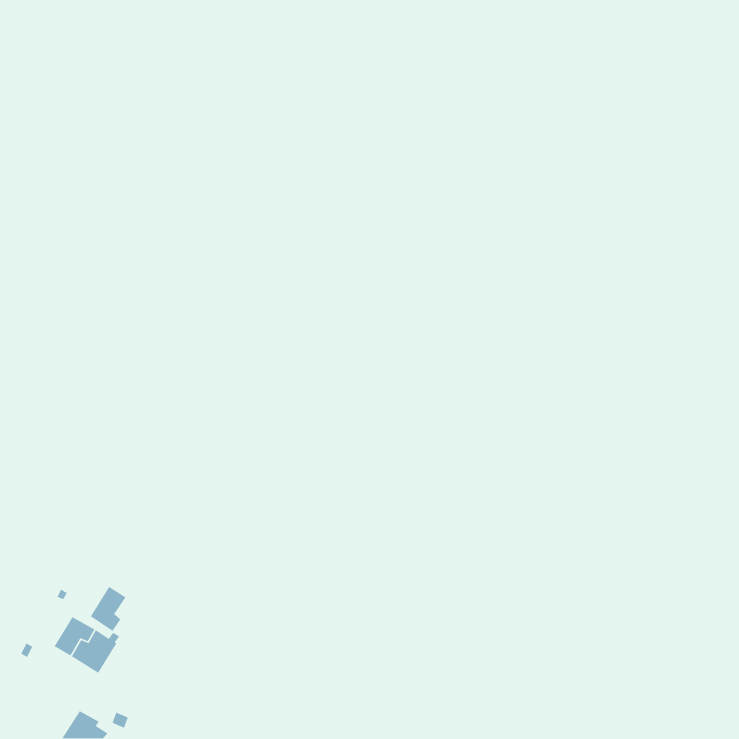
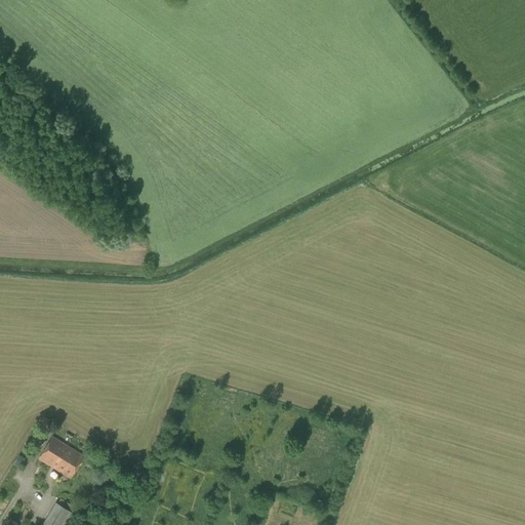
building: [90,586,126,632] -> none

